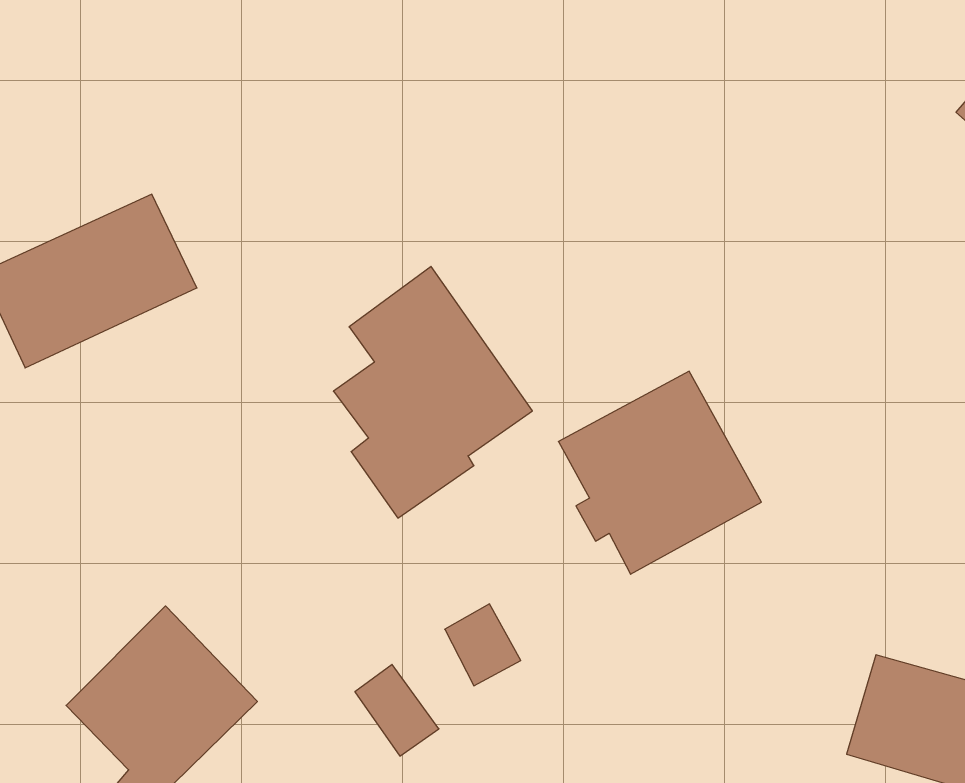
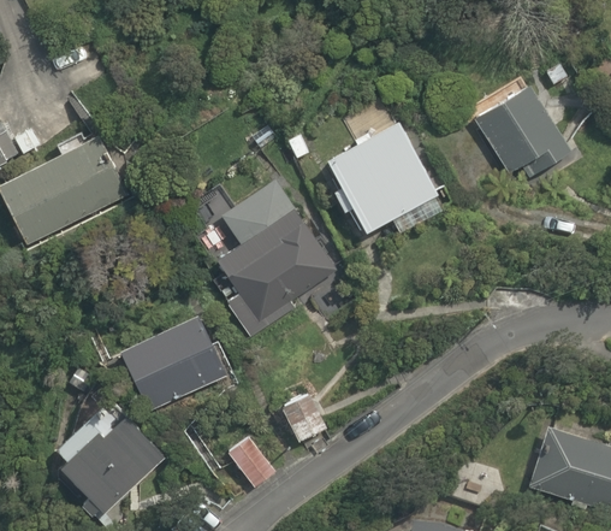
building: none -> [474,85,571,188]
building: [558,371,761,574] -> [322,108,447,234]
building: none -> [121,314,224,408]

